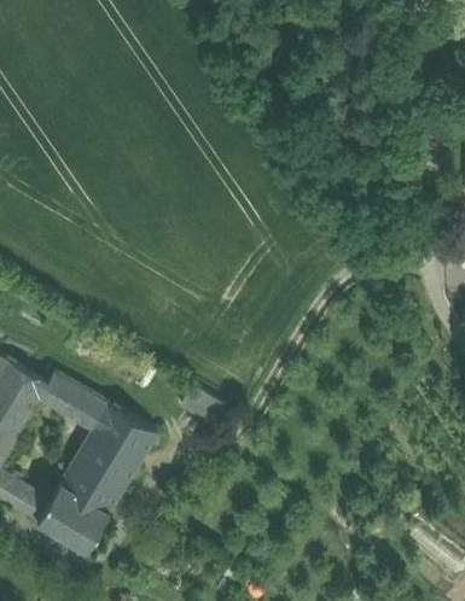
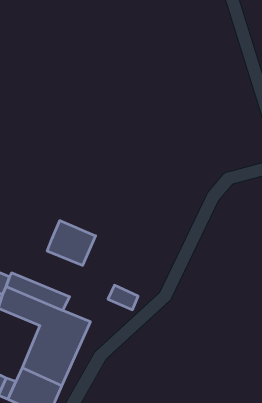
building: none -> [47,221,96,265]

